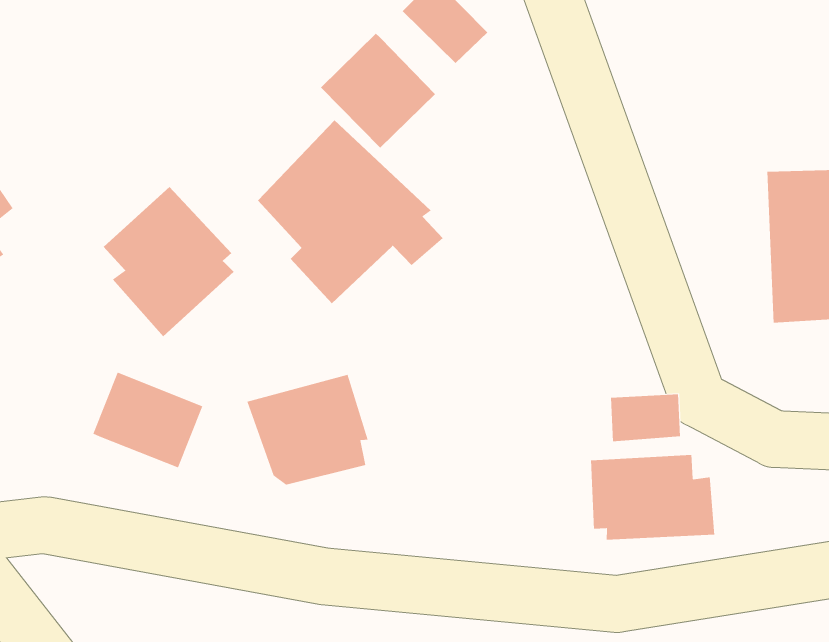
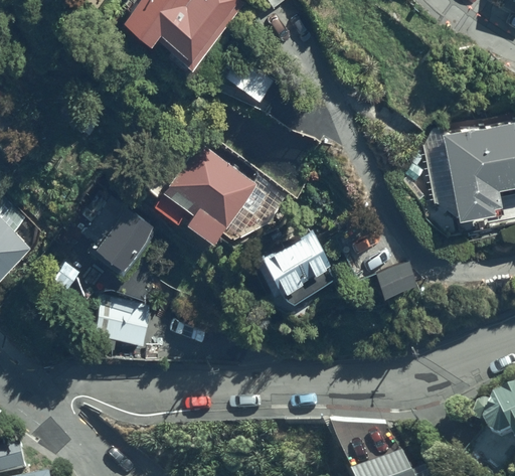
building: [320,33,436,149] -> none
building: [246,374,369,485] -> [259,230,330,297]
building: [591,454,715,541] -> none

